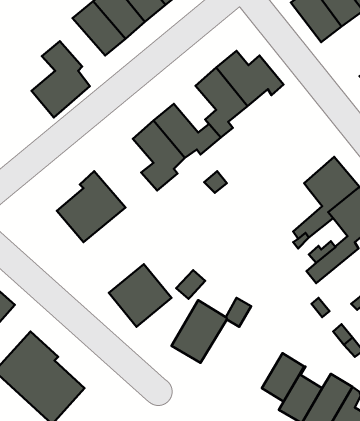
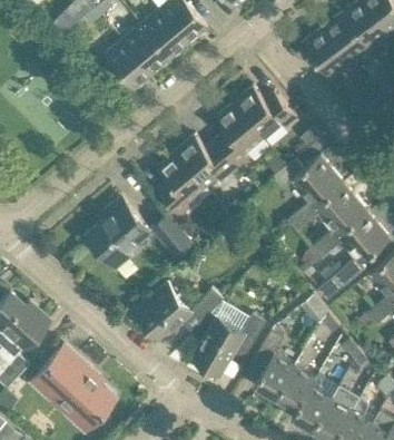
building: [32,41,90,117] -> none
building: none -> [274,155,343,231]
building: none -> [152,216,190,255]
building: none -> [255,330,295,398]

